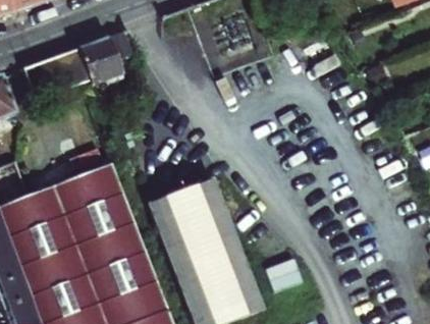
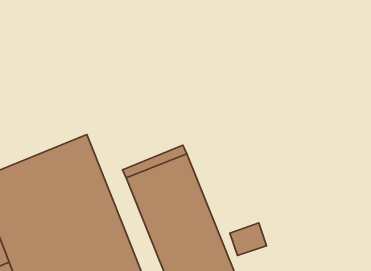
building: [22,29,130,97] -> none

